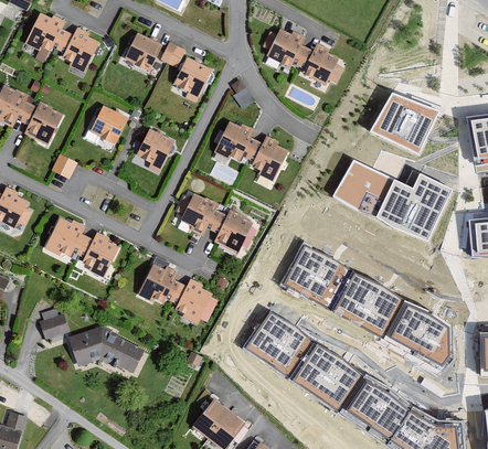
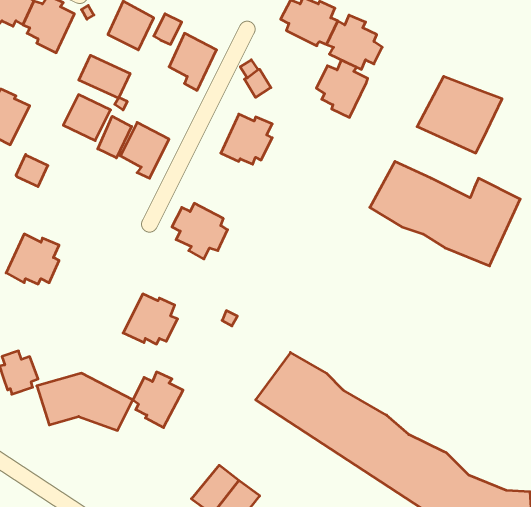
building: none -> [79,55,130,98]
building: none -> [98,116,132,158]
building: [247,136,288,181] -> [316,60,368,117]
building: [213,210,255,254] -> none
building: [79,232,119,277] -> none
building: [282,240,452,366] -> none
building: [172,279,212,323] -> [133,372,183,428]

